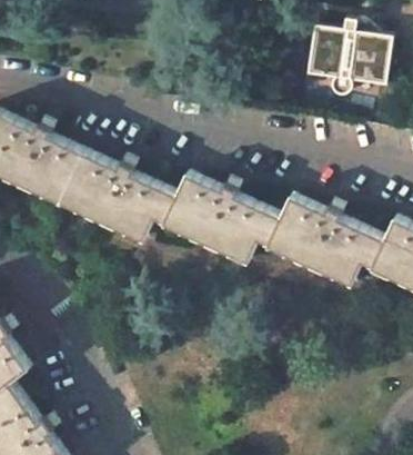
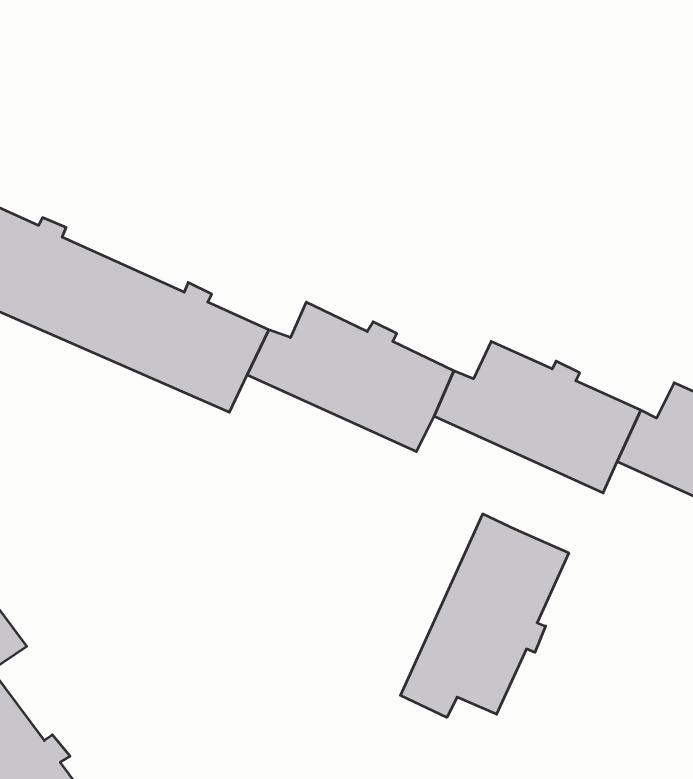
building: [305,19,392,96] -> none
building: none -> [400,514,569,717]

